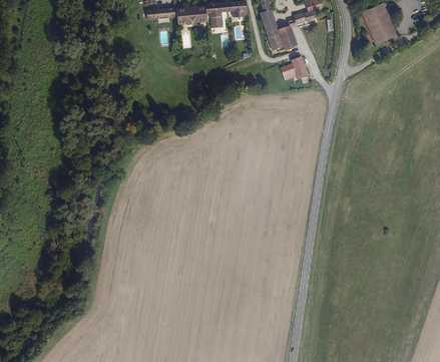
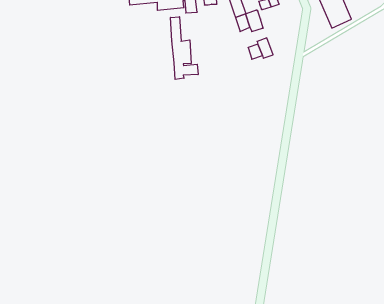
building: none -> [171,17,198,79]

